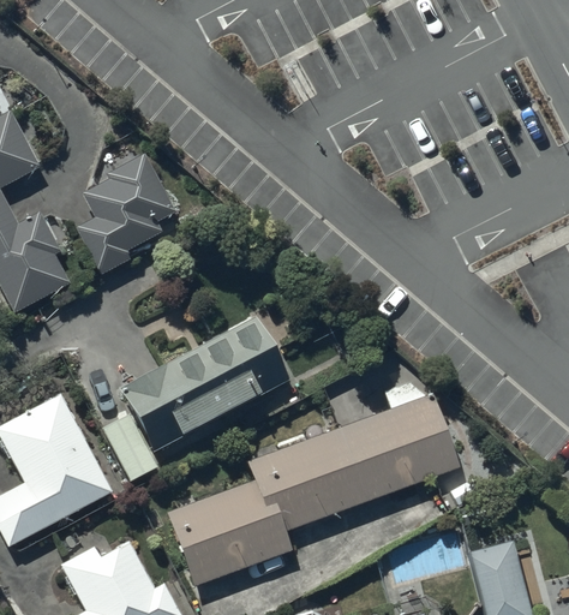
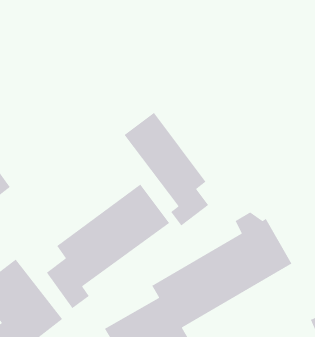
building: [76,155,175,276] -> none
building: none -> [124,112,209,227]

